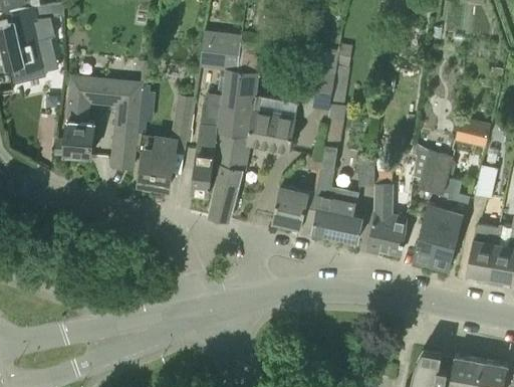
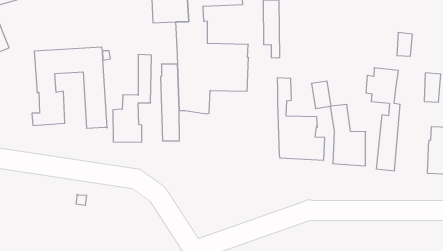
building: [208,165,242,223] -> none
building: [432,178,467,268] -> none
building: [272,186,316,229] -> none

